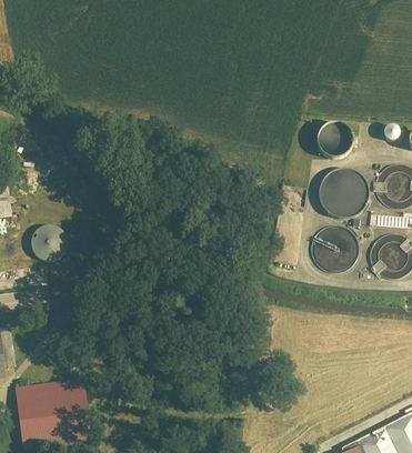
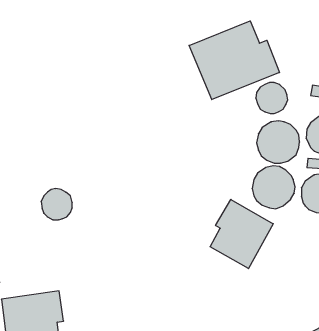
building: none -> [189,21,279,100]
building: [27,223,64,261] -> [41,189,72,220]
building: none -> [210,199,273,269]

